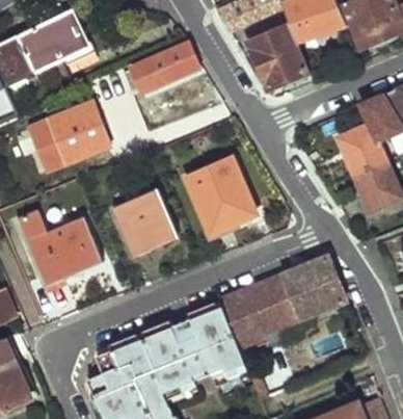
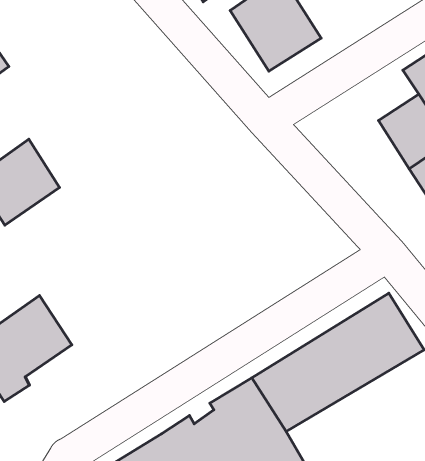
building: [129,44,198,95] -> none
building: [186,157,257,236] -> none
building: [114,189,177,255] -> none

